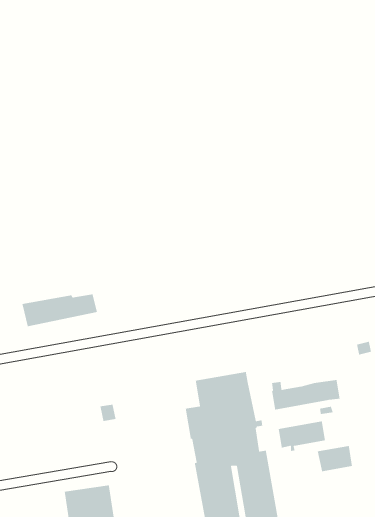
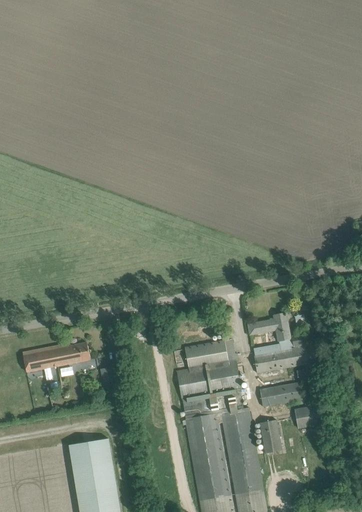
building: [22,294,98,327] -> [22,343,90,373]
building: none -> [248,314,304,351]
building: none -> [259,420,282,454]

